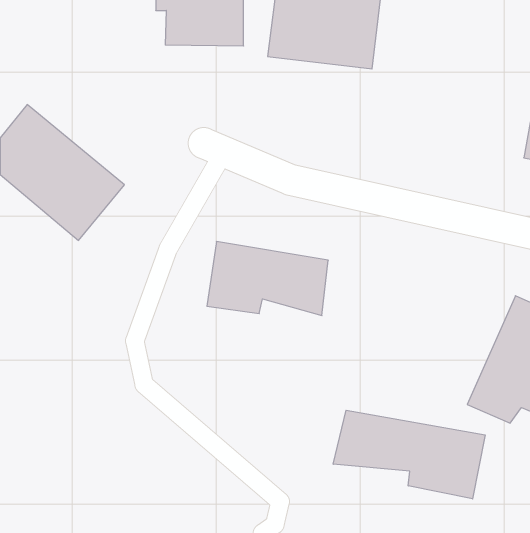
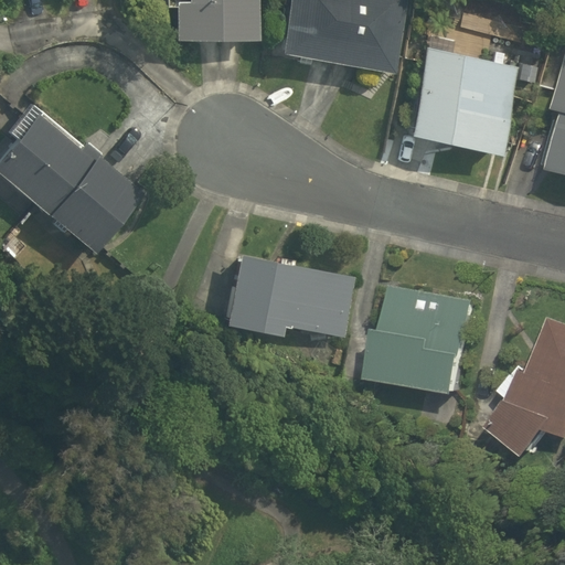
building: none -> [413,47,515,160]
building: none -> [375,265,482,394]
building: [333,410,485,499] -> none

